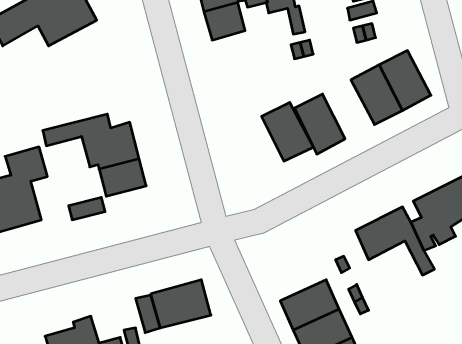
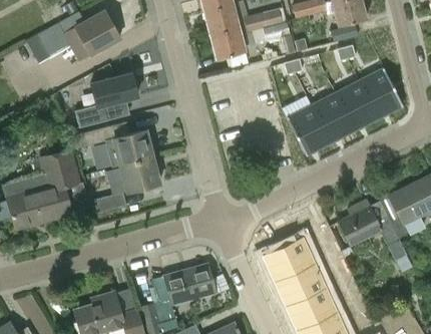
building: none -> [75,72,137,127]
building: [262,102,313,161] -> [311,92,355,142]
building: none -> [263,238,314,281]

